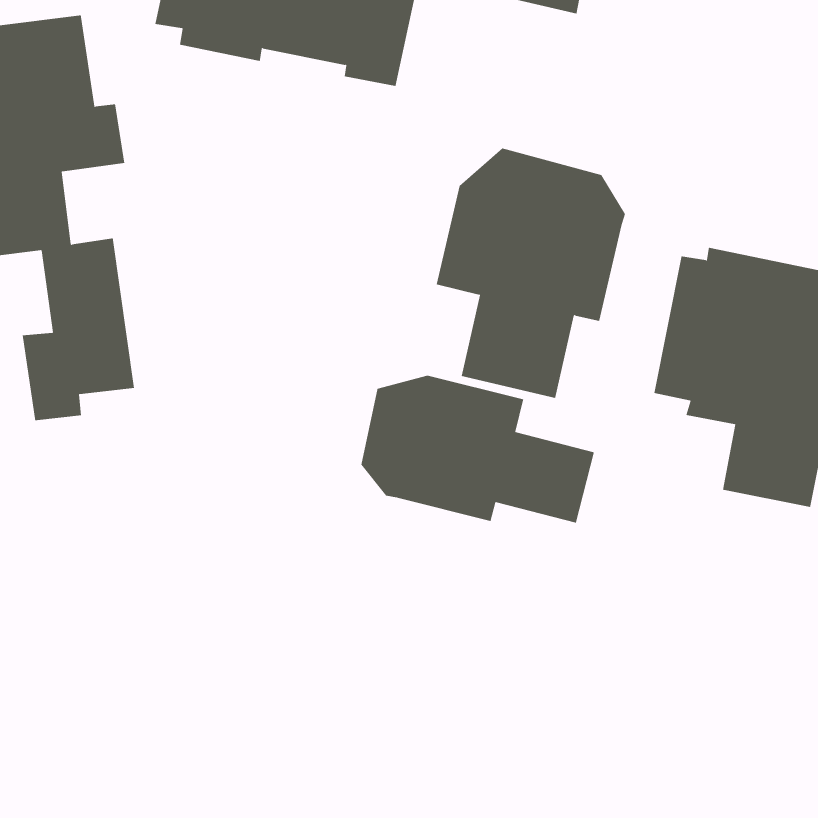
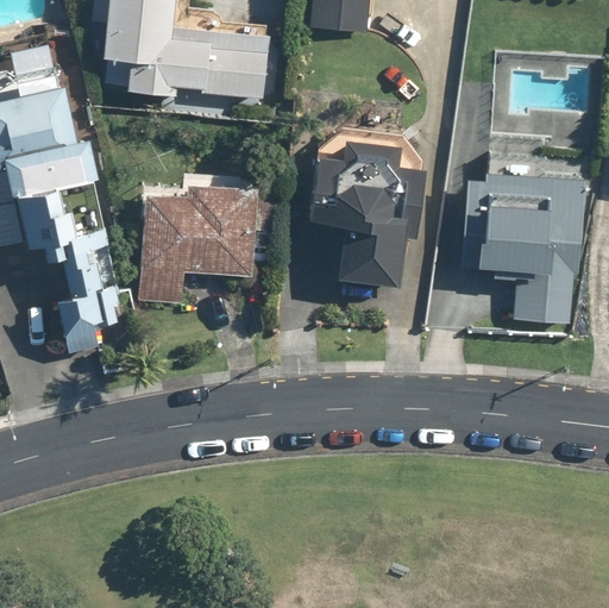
building: none -> [138,174,258,305]
building: [361,375,594,524] -> none

